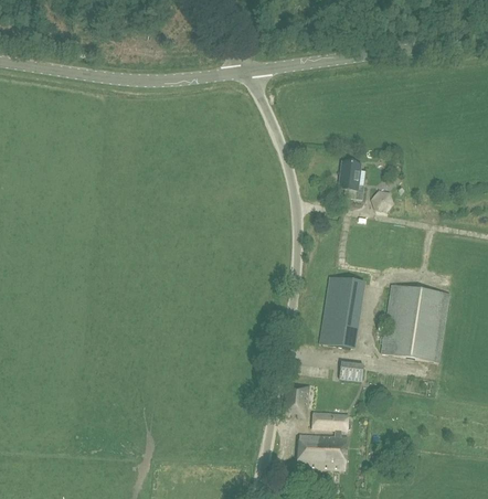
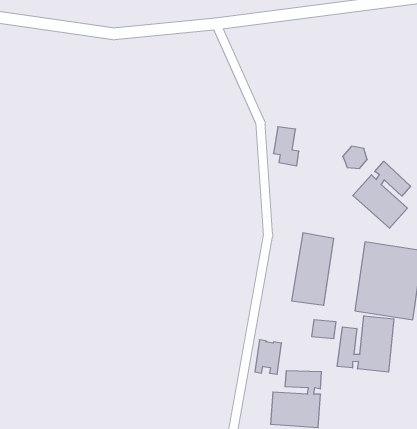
building: [338,160,363,199] -> [273,127,299,166]
building: none -> [353,161,411,228]
building: none -> [337,316,394,372]

